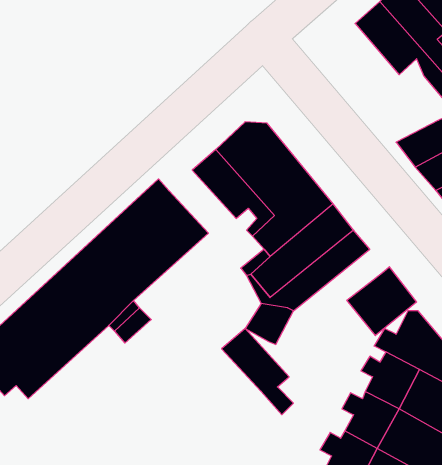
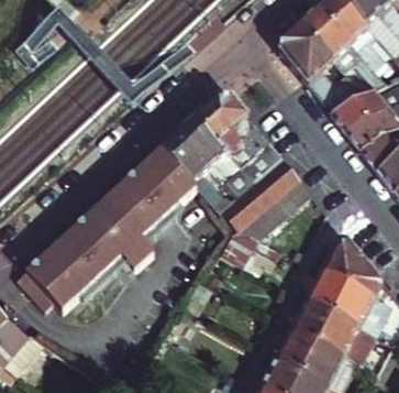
building: none -> [280,25,341,107]
building: [347,267,417,336] -> none
building: [222,328,293,415] -> [160,135,214,200]

